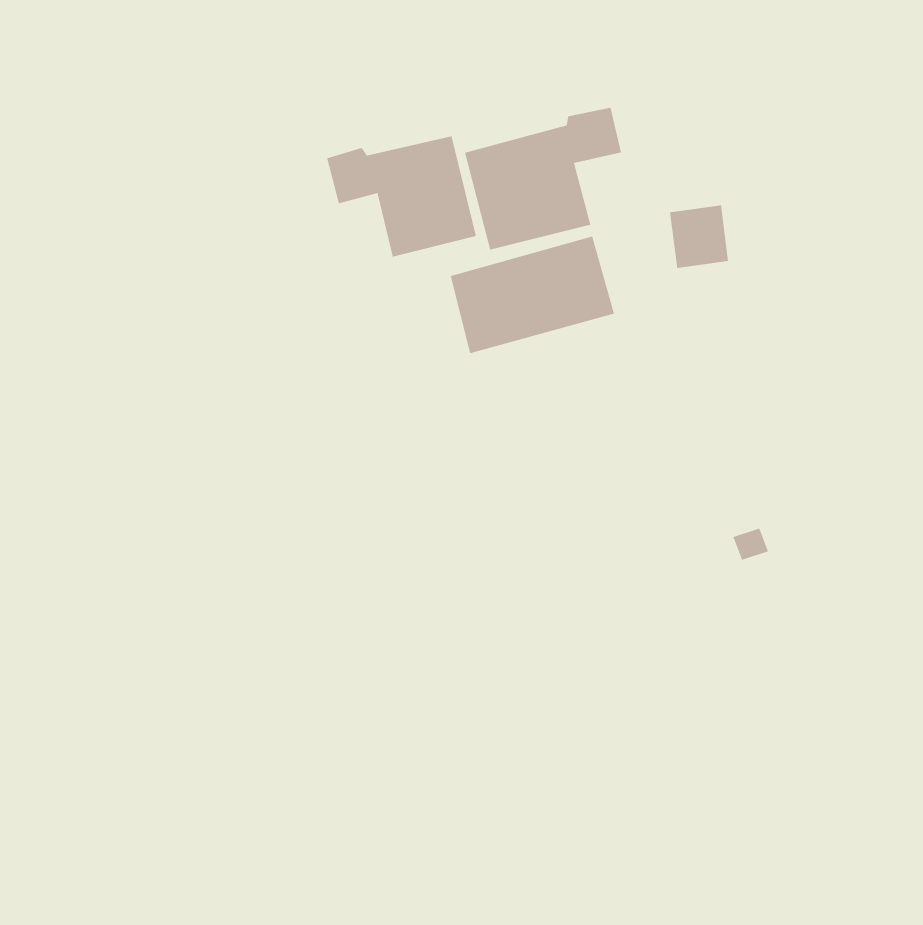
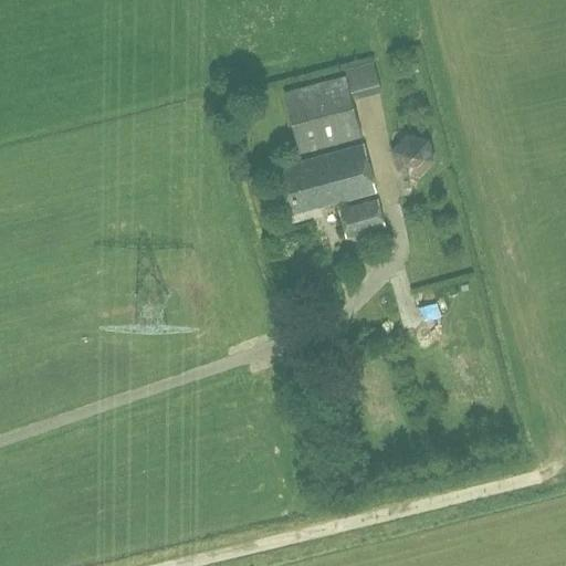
building: [327,135,476,257] -> none
building: none -> [337,199,384,238]

